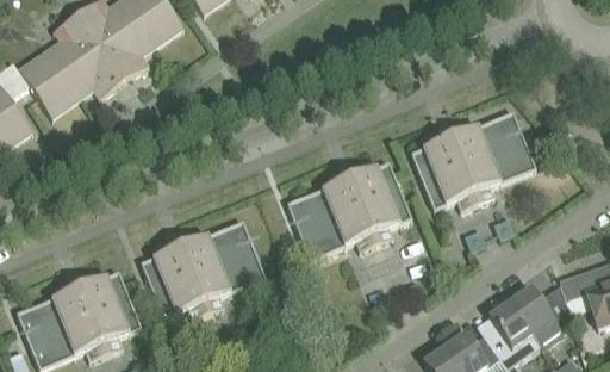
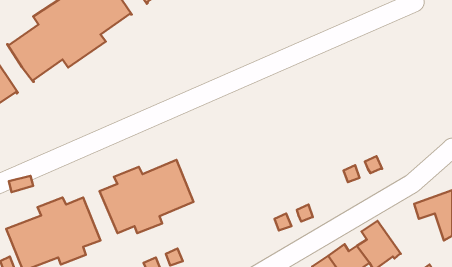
building: [411,111,536,210] -> none
building: [287,161,412,259] -> none
building: [510,284,573,347] -> none

